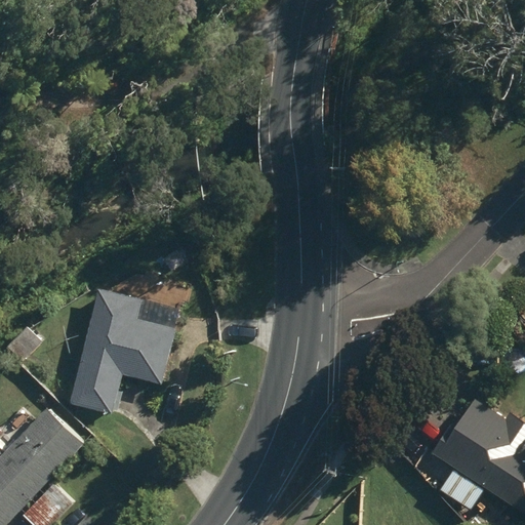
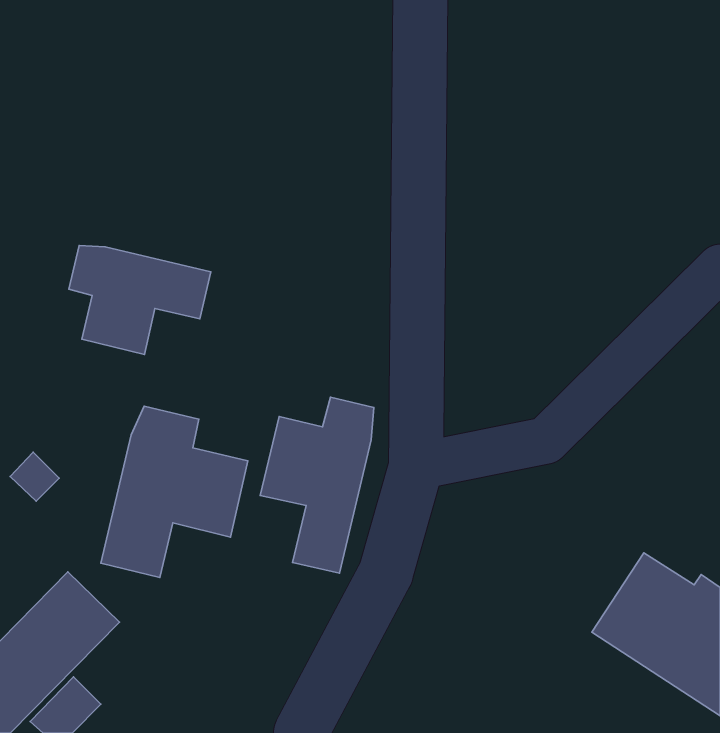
building: none -> [69,246,211,355]
building: none -> [260,397,374,573]

